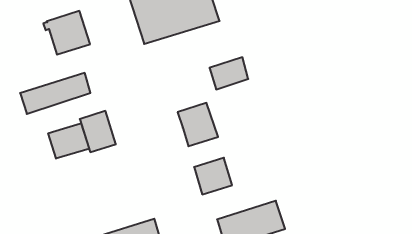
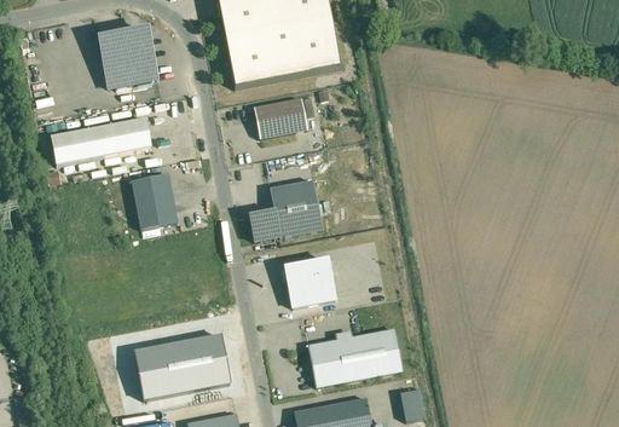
building: [209,57,248,89] -> [254,97,307,138]
building: [48,123,89,159] -> none
building: none -> [250,210,279,241]

